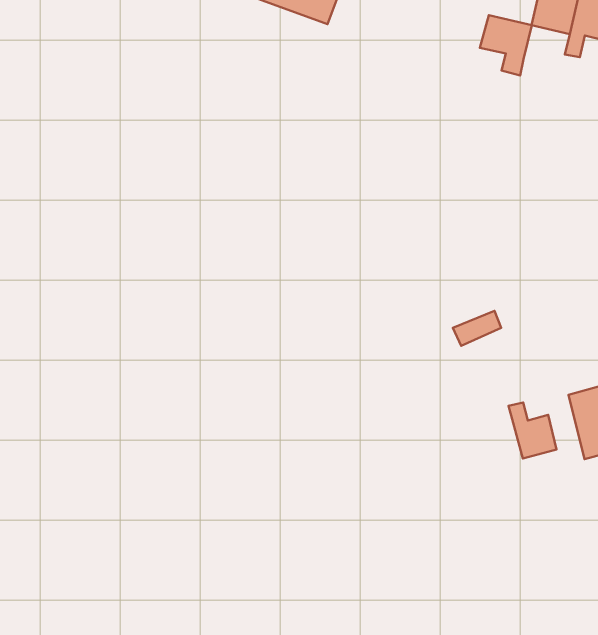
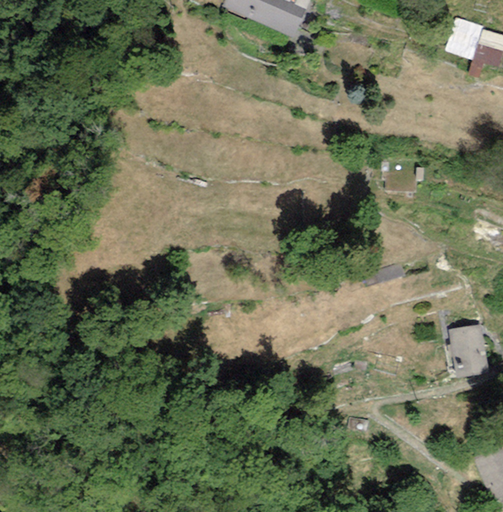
building: [480,15,532,75] -> none
building: [509,403,556,459] -> none

